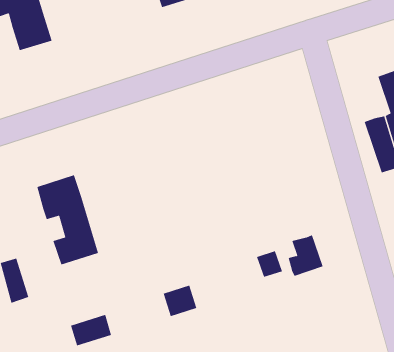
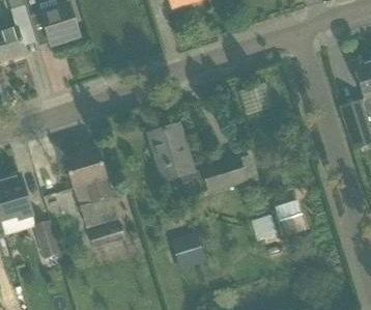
building: none -> [149,123,250,194]
building: [70,314,112,346] -> [90,221,125,248]

